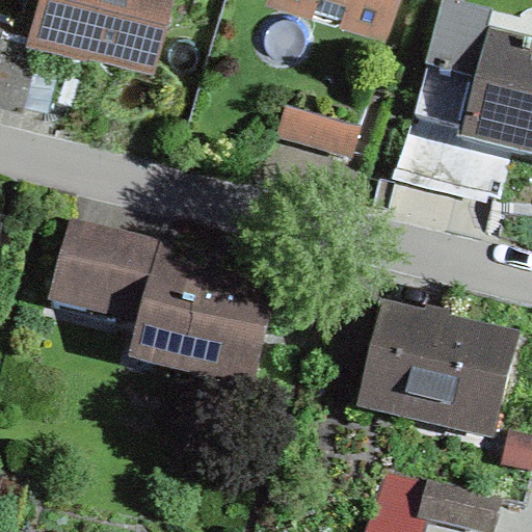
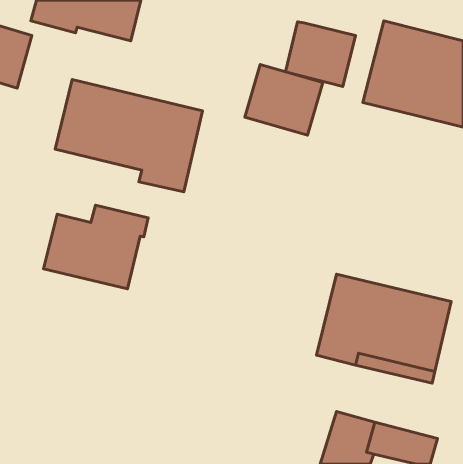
building: none -> [55,80,202,192]
building: [394,116,474,190] -> [286,22,356,86]
building: [138,270,271,389] -> none

